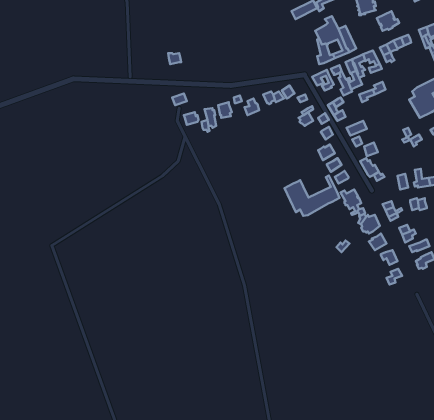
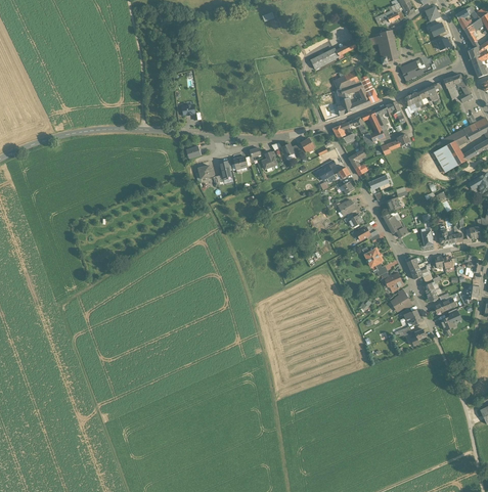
building: [284,176,340,216] -> none

